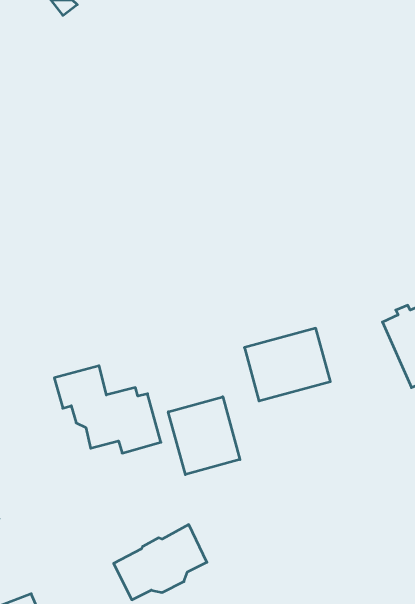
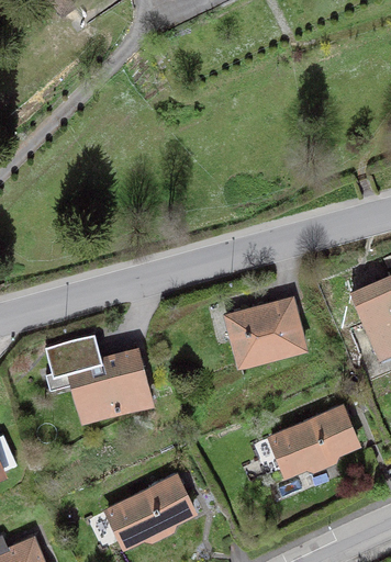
building: [168,397,240,475] -> none
building: none -> [270,408,355,473]

